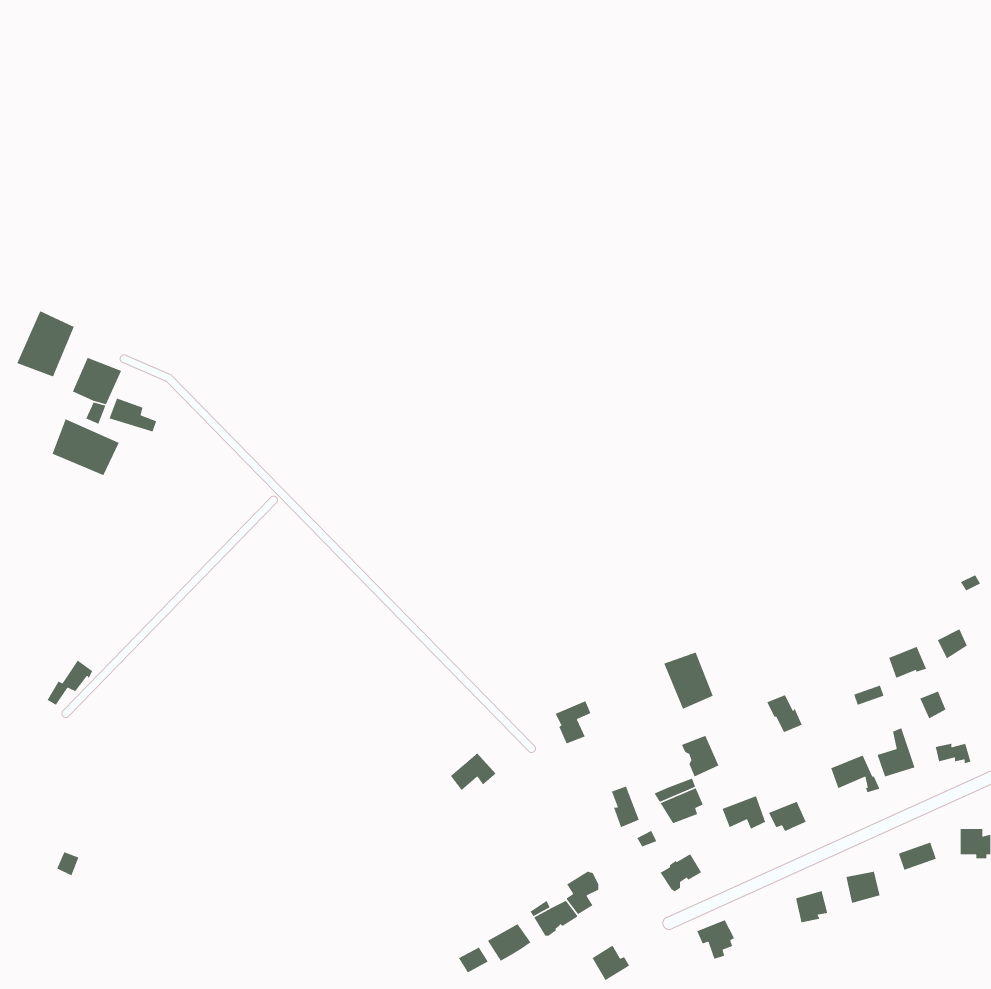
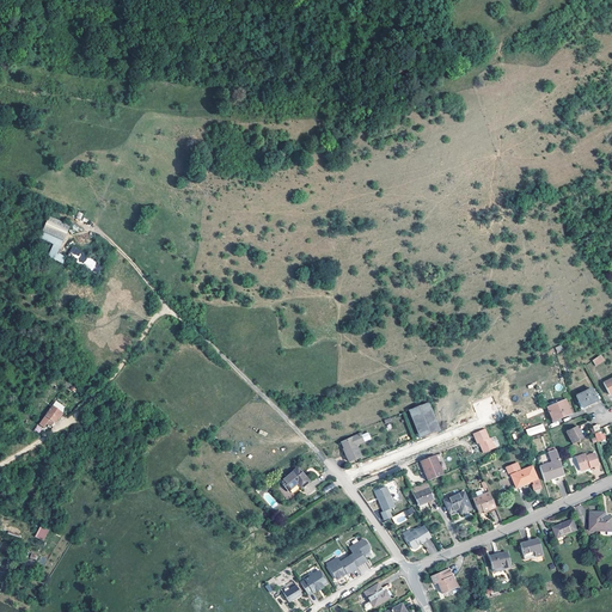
building: [16,310,75,378] -> none
building: [52,418,120,476] -> none

